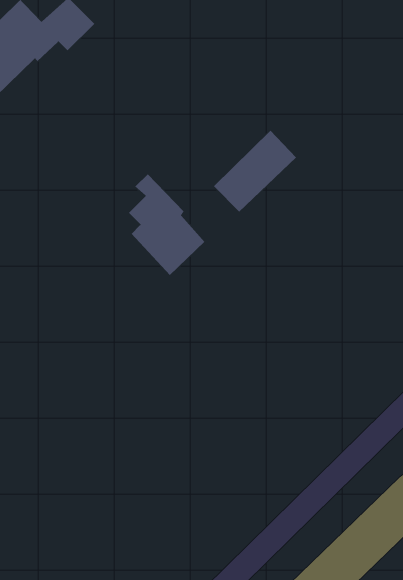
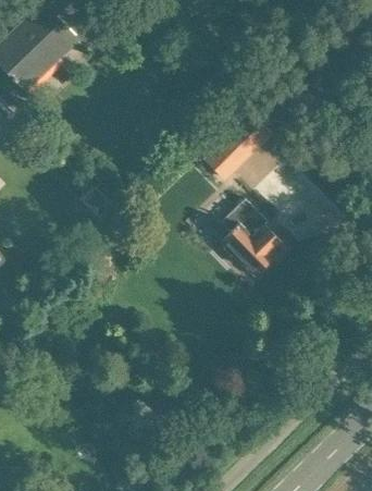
building: [128,174,205,276] -> [220,189,284,274]

